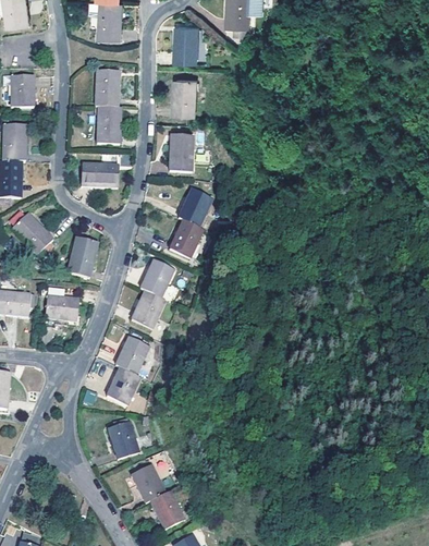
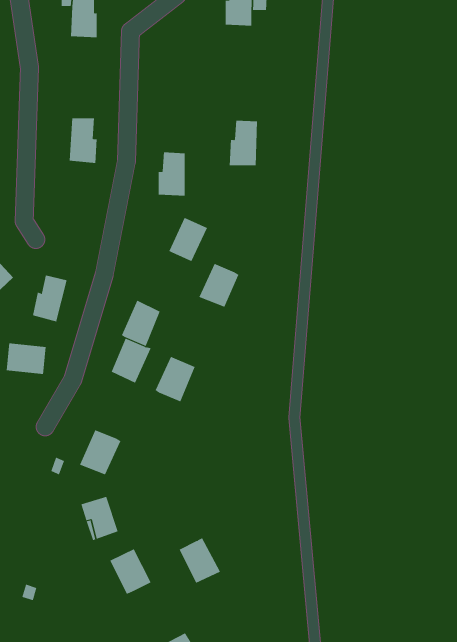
building: [174,26,198,64] -> none
building: [95,69,120,106] -> none
building: [172,80,196,118] -> [229,120,258,166]
building: [81,162,118,186] -> none
building: [169,218,203,255] -> [198,263,239,308]
building: [115,335,149,373] -> [155,356,195,402]
building: [150,490,185,529] -> [179,538,221,583]

